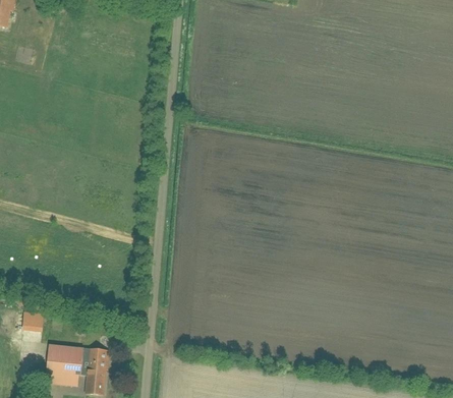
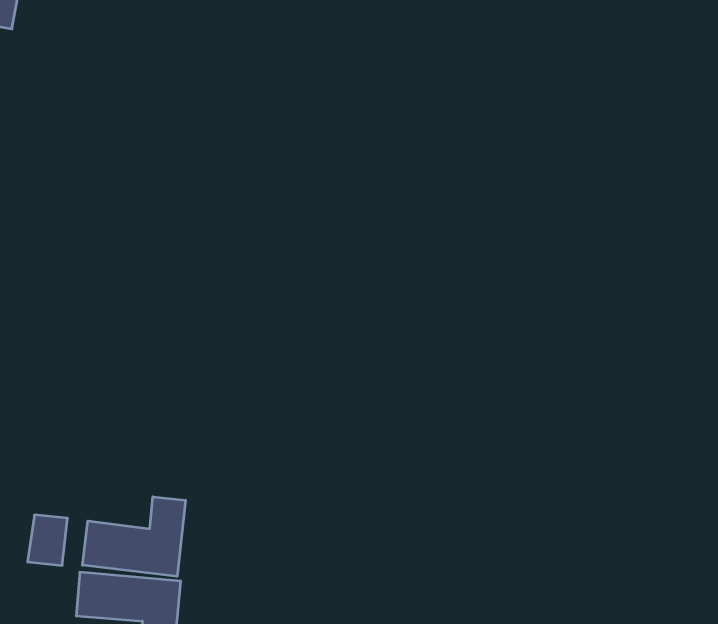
building: none -> [82,497,186,576]

